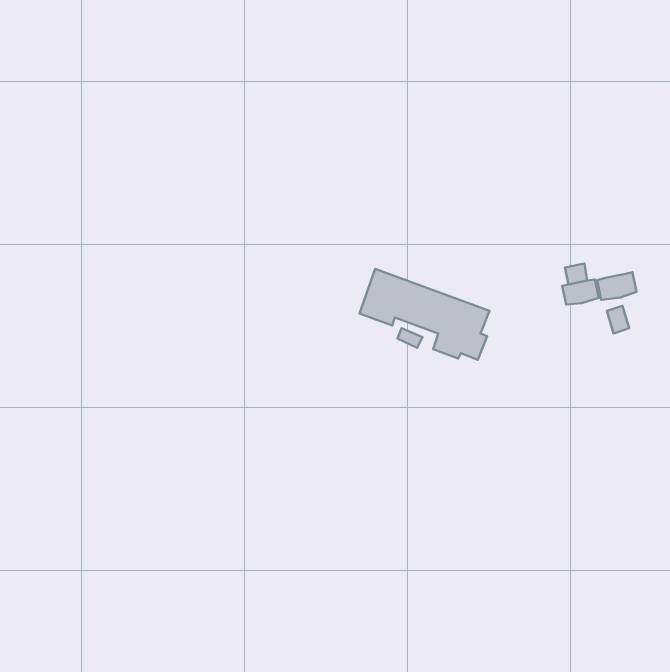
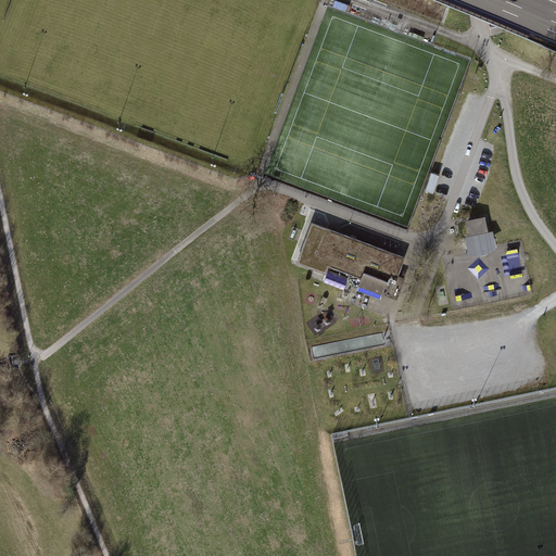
building: [597,272,637,300] -> none

